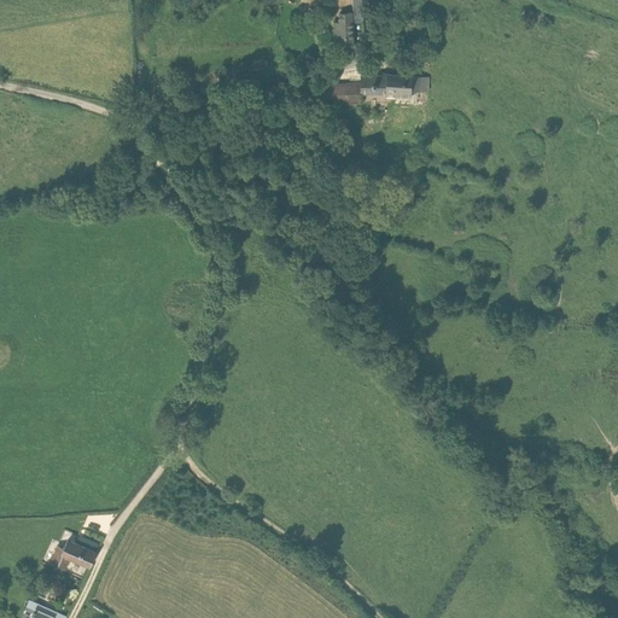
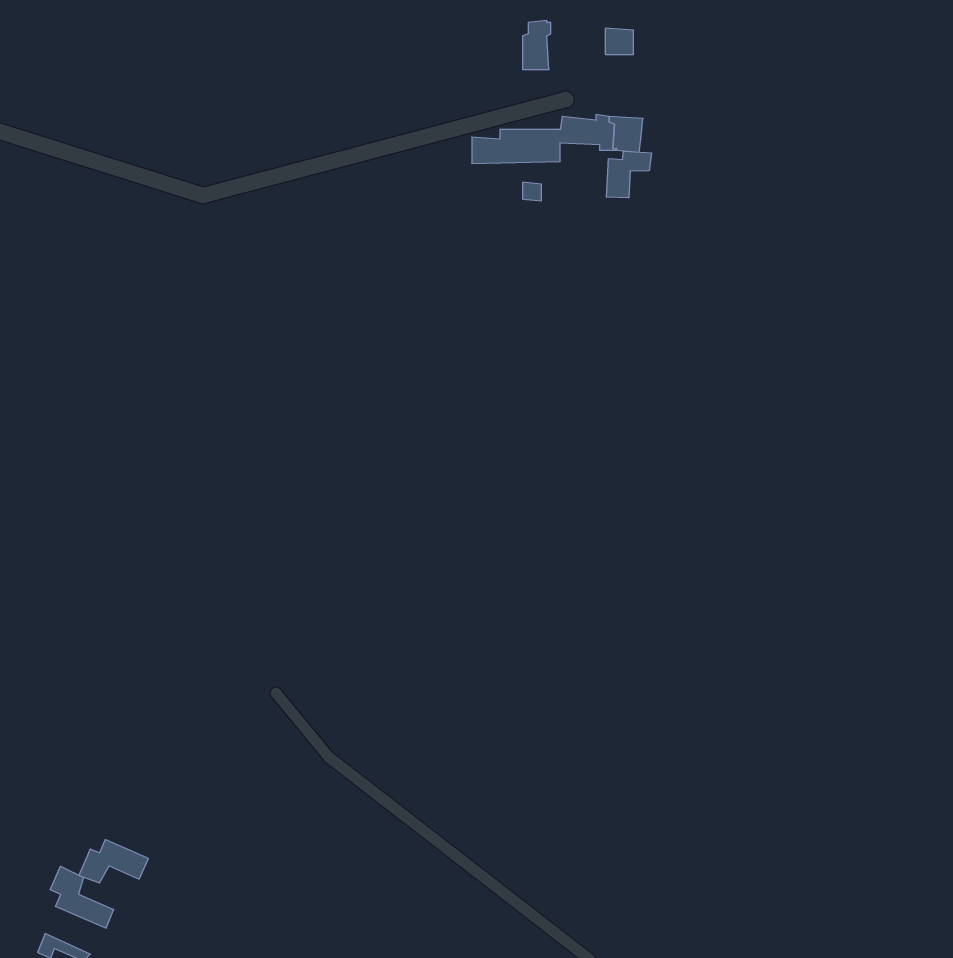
building: none -> [606,151,651,198]
building: none -> [50,866,114,928]

